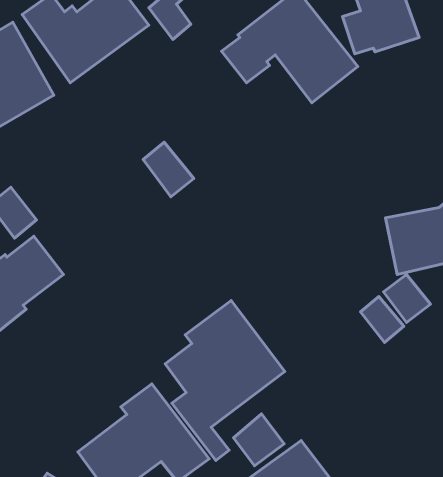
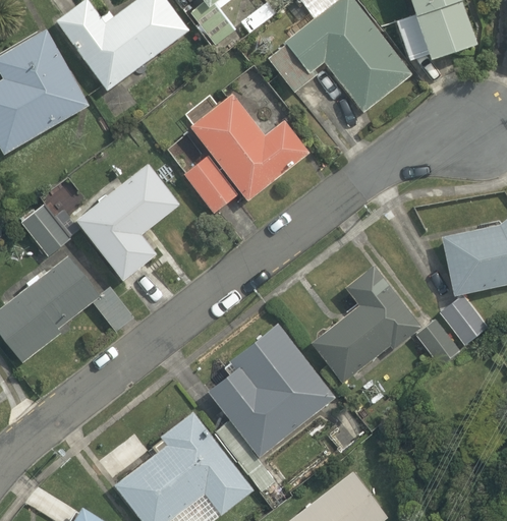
building: none -> [190,93,311,200]
building: none -> [75,163,180,280]
building: none -> [311,264,421,383]
building: [233,414,284,466] -> none

